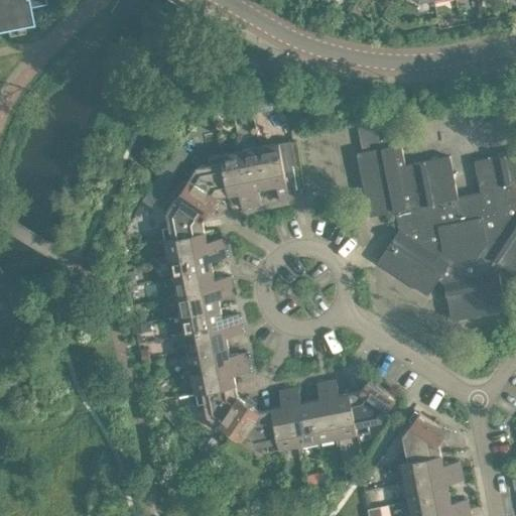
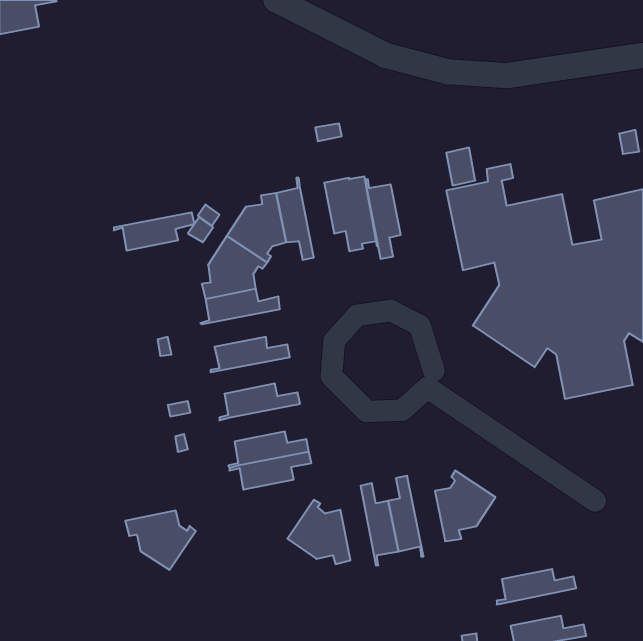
building: [239,145,267,209] -> [365,179,401,259]
building: [161,250,226,280] -> [114,213,194,250]
building: [168,288,234,317] -> none
building: [175,326,242,356] -> none
building: [326,381,356,447] -> none
building: [195,386,251,433] -> [125,511,196,570]
building: [272,391,300,456] -> none
building: [398,414,450,466] -> none
building: [397,473,463,503] -> none

